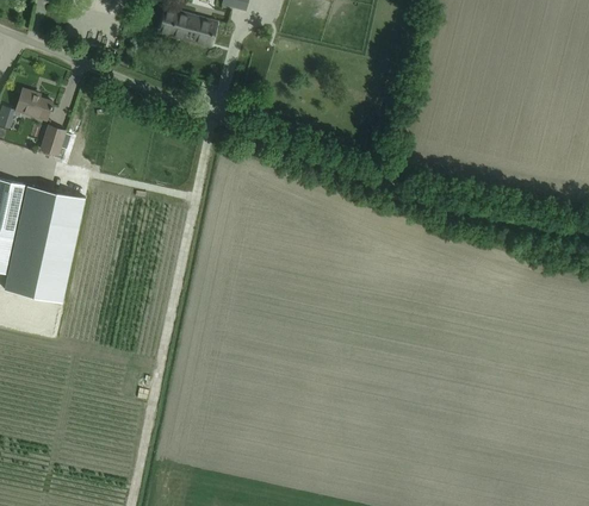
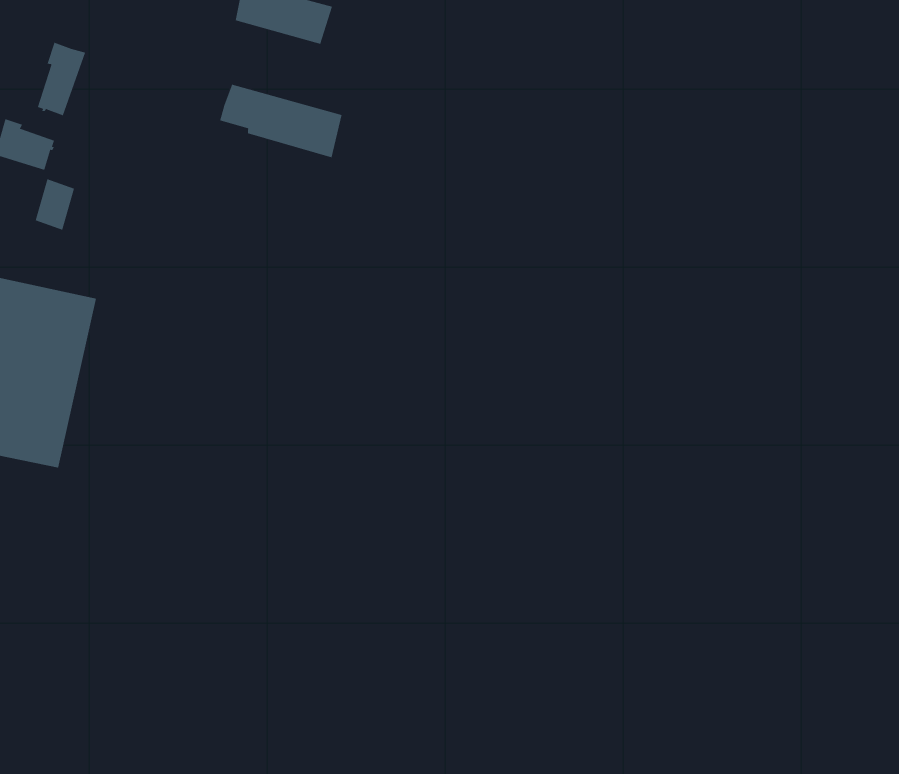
building: none -> [37,42,86,116]
building: none -> [219,84,342,158]

